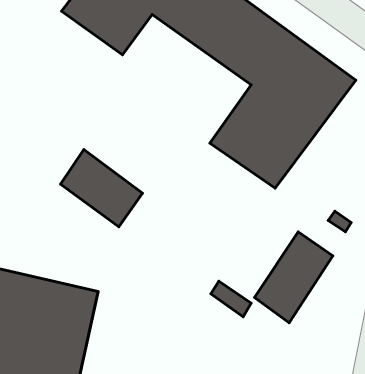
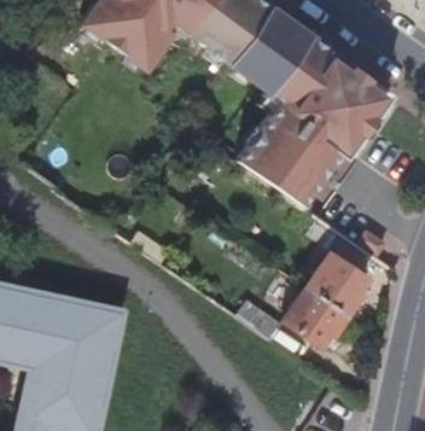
building: [61,149,143,227] -> none

